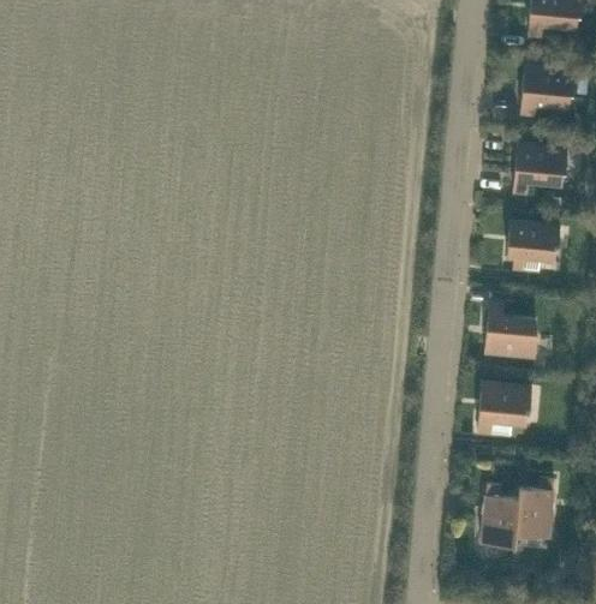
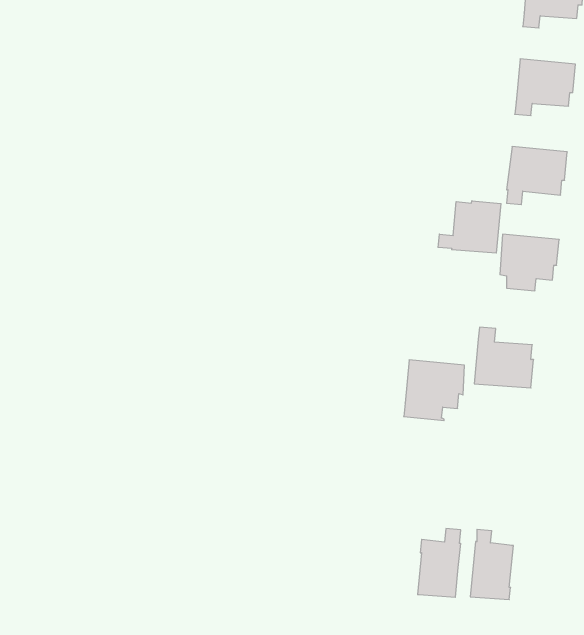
building: none -> [438,201,501,253]
building: [477,383,531,437] -> [404,360,464,421]
building: [515,478,554,539] -> [418,529,461,597]

